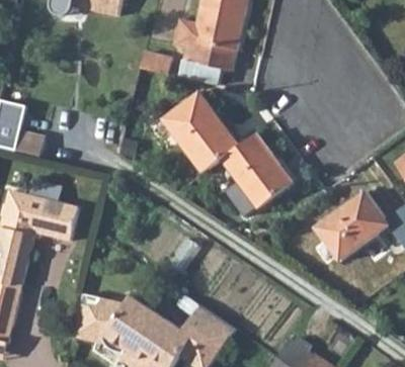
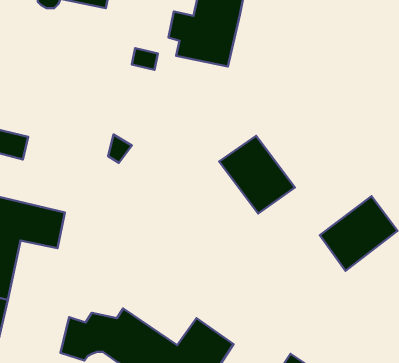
building: [165,92,236,171] -> none

